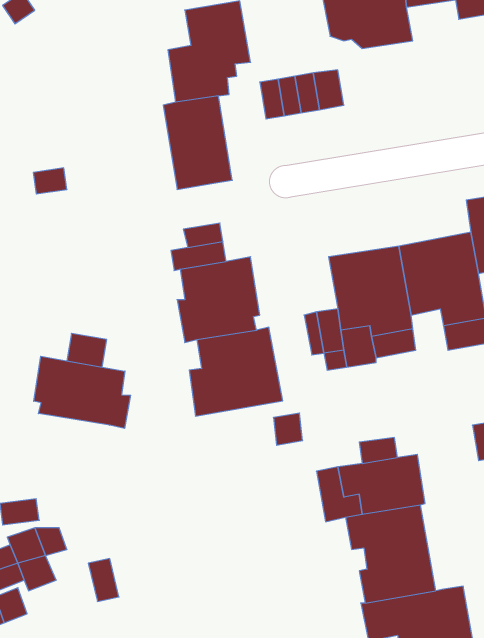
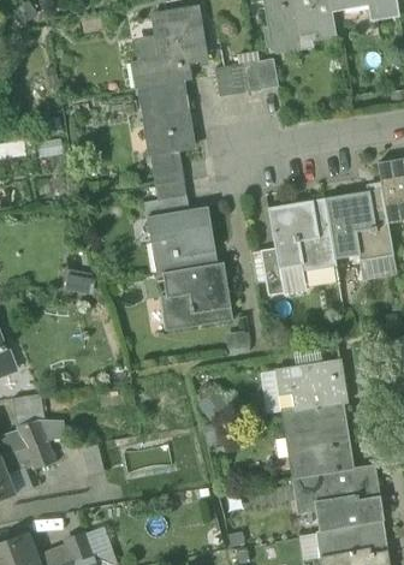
building: none -> [130,13,160,88]
building: none -> [149,149,183,185]
building: [34,356,131,428] -> none

